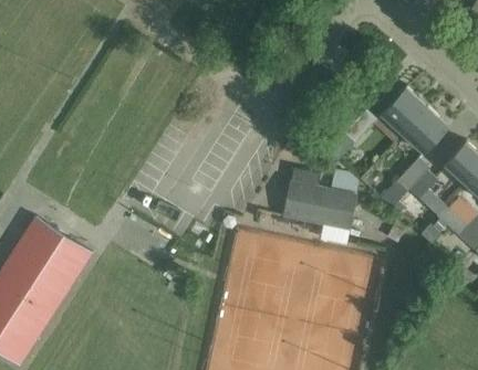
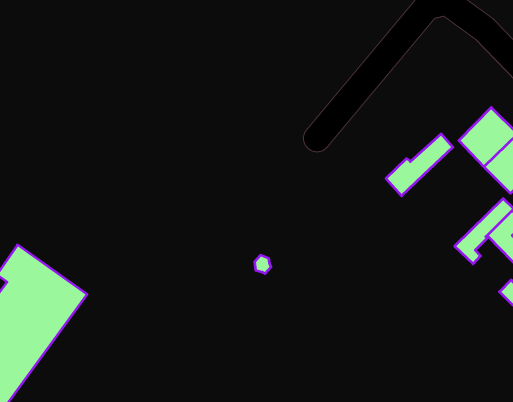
building: [284,168,358,245] -> none

